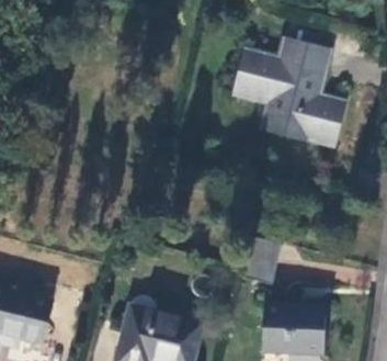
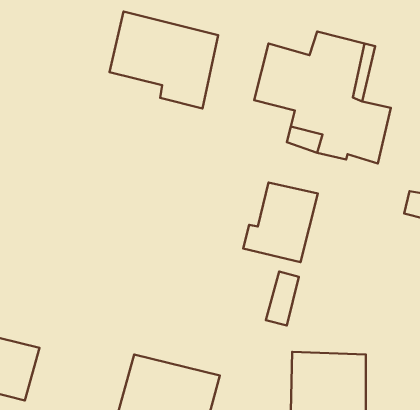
building: none -> [110,11,218,108]
building: none -> [243,182,318,262]

